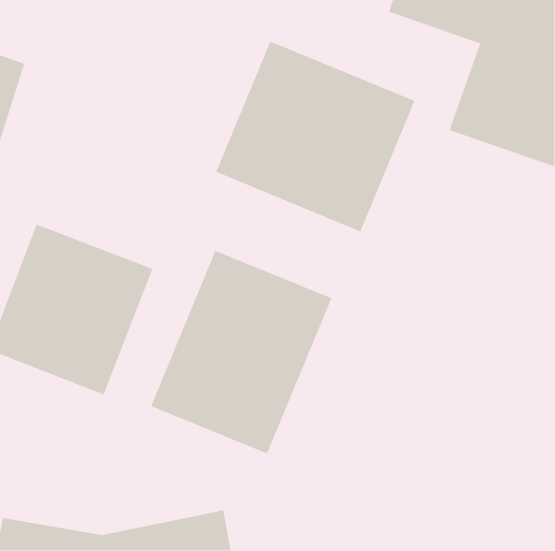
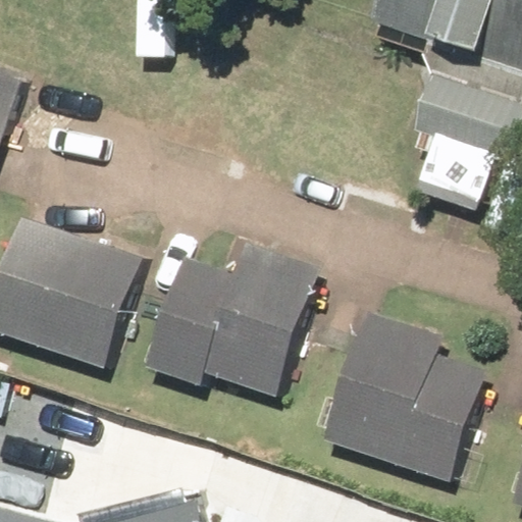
building: [215,41,416,232] -> none
building: none -> [298,314,498,491]

